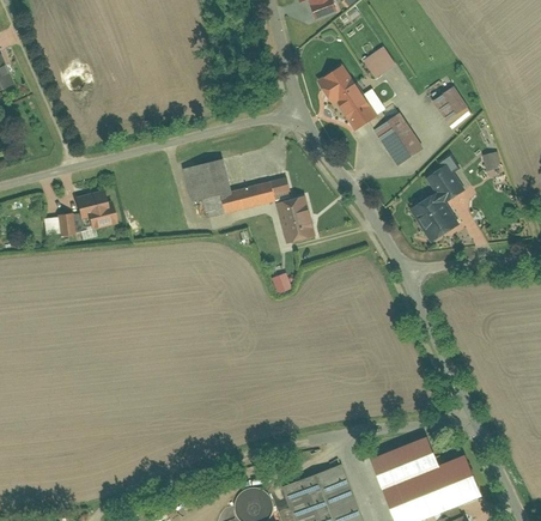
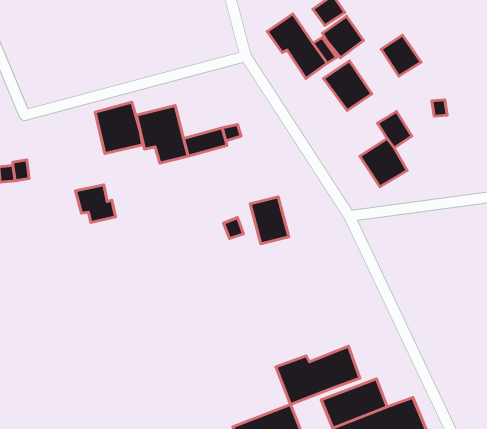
building: none -> [322,16,364,58]
building: none -> [95,102,143,154]
building: [75,190,116,229] -> [75,185,115,223]
building: [276,195,316,243] -> [250,197,289,244]
building: none -> [276,346,360,405]

